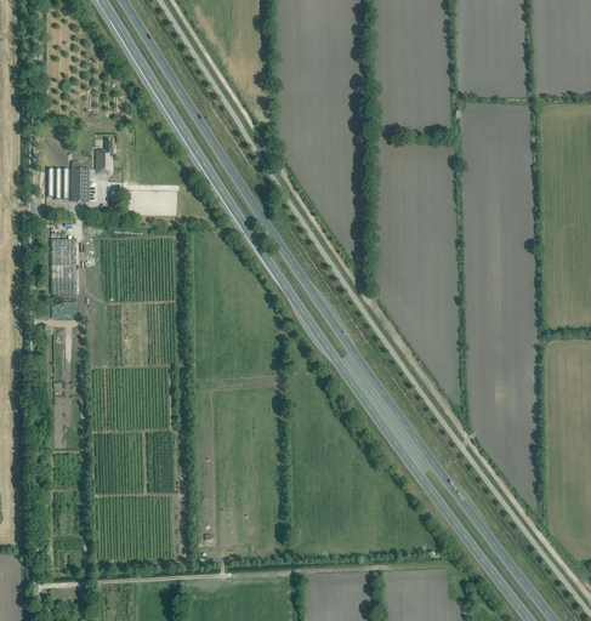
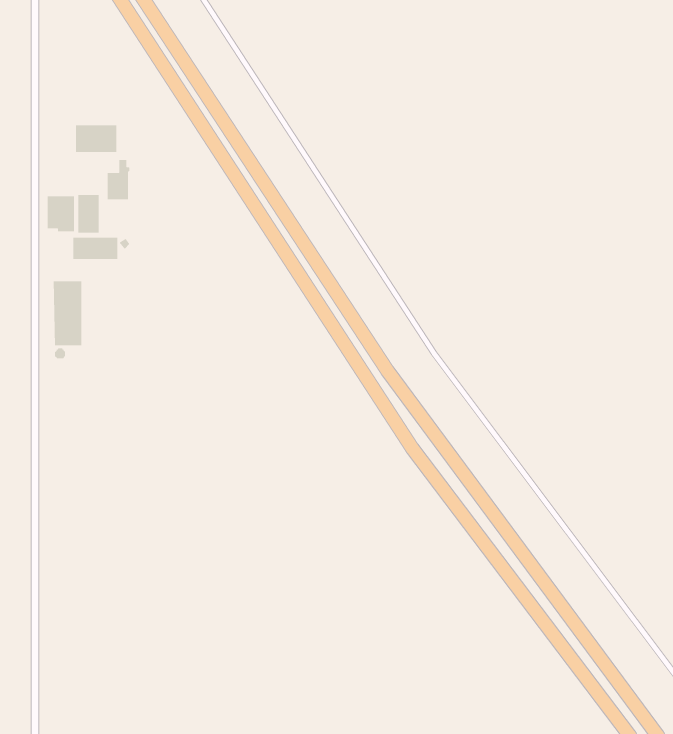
building: none -> [75,124,117,153]
building: none -> [72,237,118,260]

